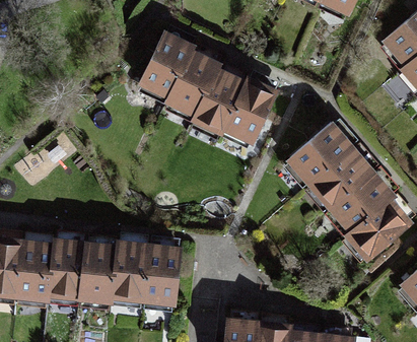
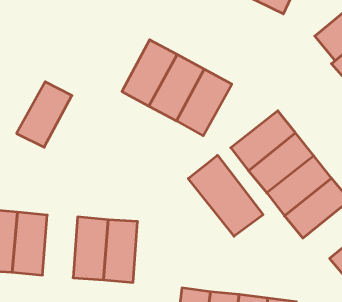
building: [136,29,197,101] -> [17,82,72,147]
building: none -> [188,155,263,236]
building: [79,237,118,306] -> none

